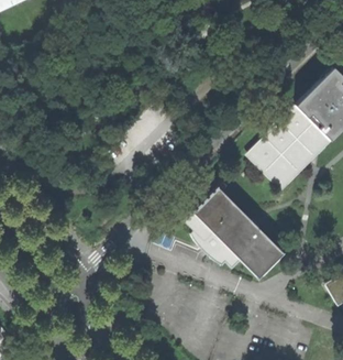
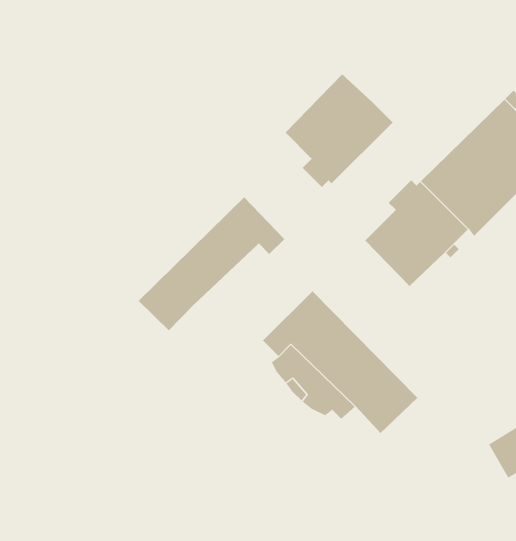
building: none -> [285,74,393,188]
building: none -> [138,196,285,331]

